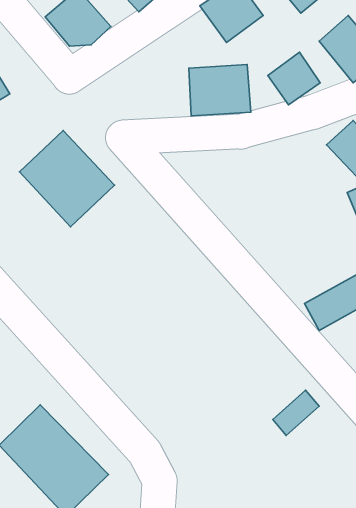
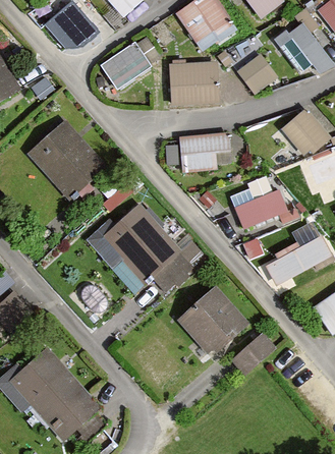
building: none -> [100,40,154,91]
building: none -> [177,131,228,173]
building: none -> [233,188,286,229]
building: none -> [101,203,191,294]
building: none -> [184,289,247,349]

